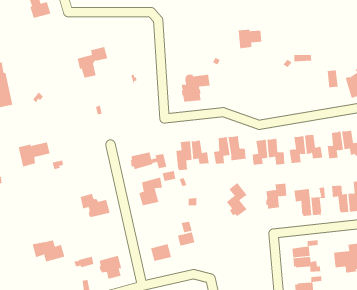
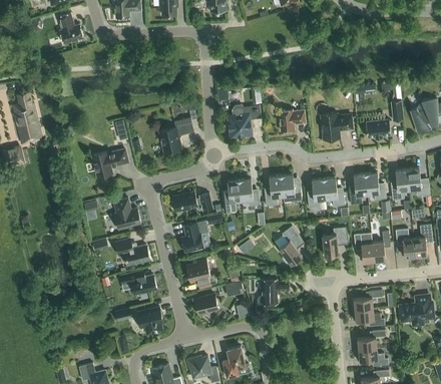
building: [238,29,262,49] -> [279,109,306,131]
building: [77,47,108,78] -> [159,117,194,152]
building: none -> [321,113,353,139]
building: none -> [365,119,391,138]
building: [18,142,50,167] -> [92,149,128,177]
building: none -> [114,199,141,230]
building: none -> [186,258,216,288]
building: none -> [258,278,290,306]
building: [32,240,65,262] -> [120,270,157,295]

